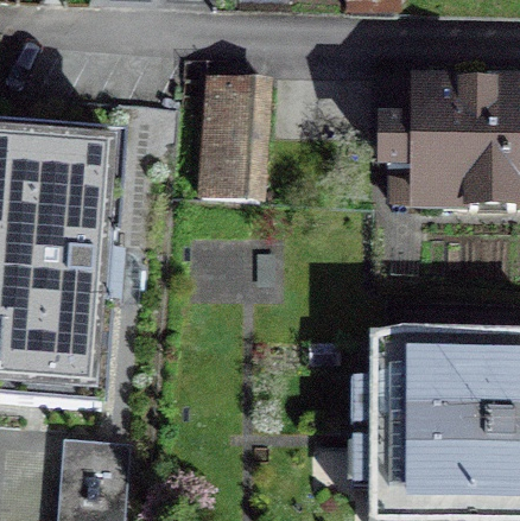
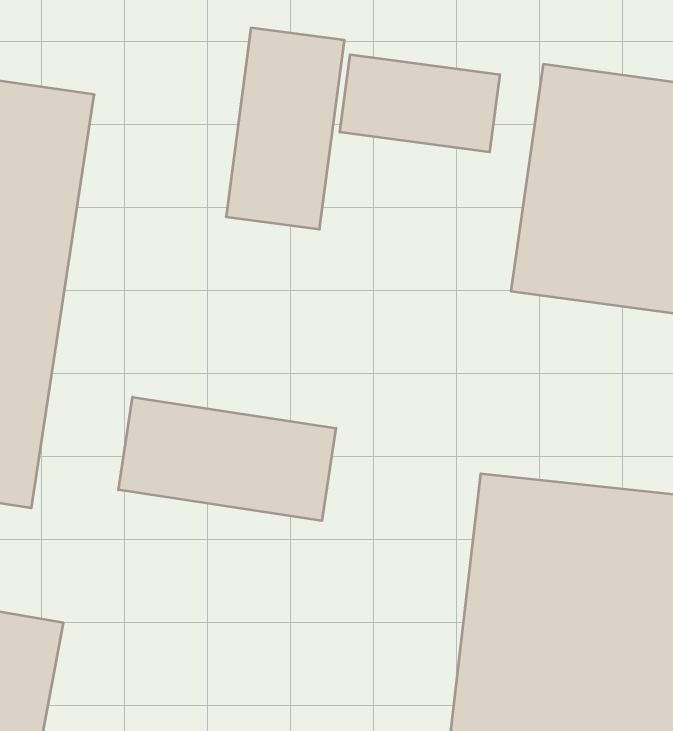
building: none -> [340,55,500,152]
building: none -> [118,397,336,521]

